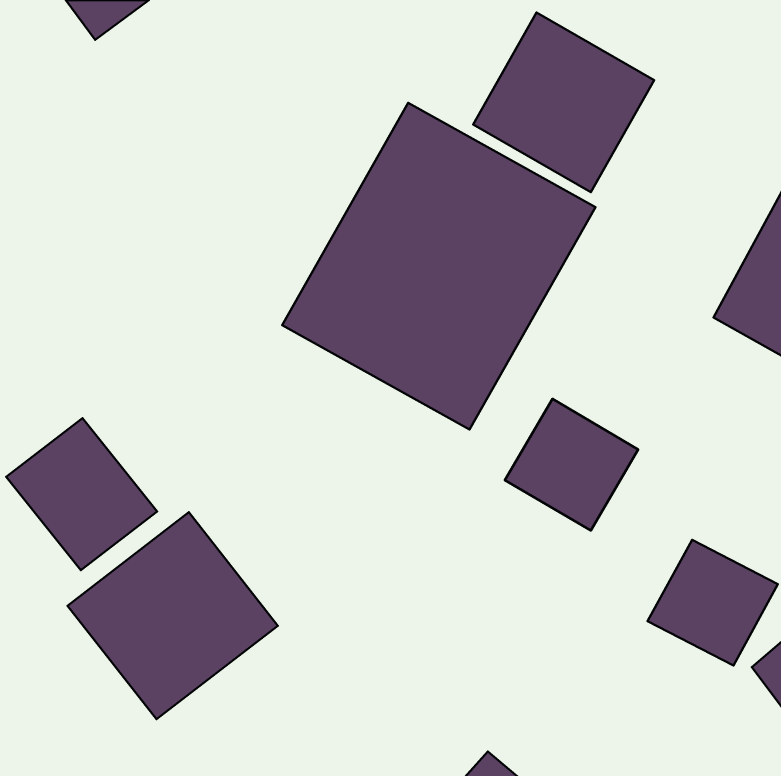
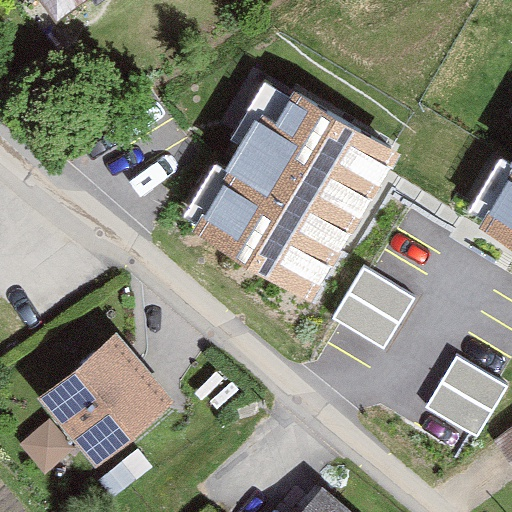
building: [473,12,654,192] -> none
building: [6,418,157,570] -> none

